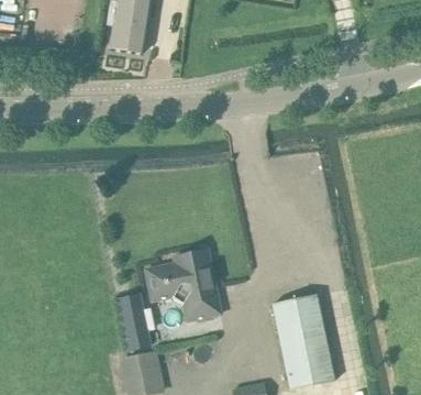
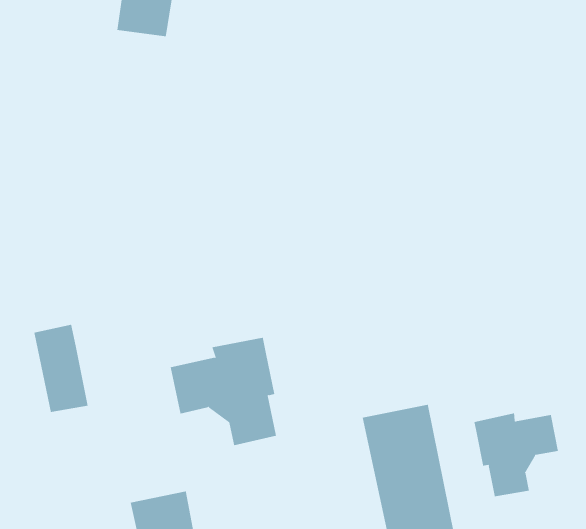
building: [115,292,152,350] -> [34,324,89,413]
building: none -> [474,413,558,497]

